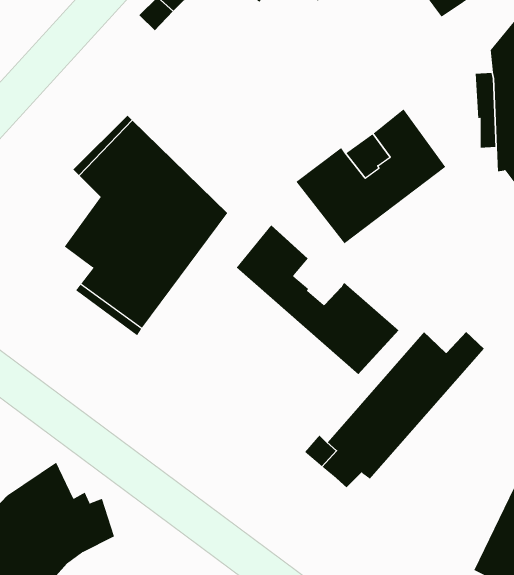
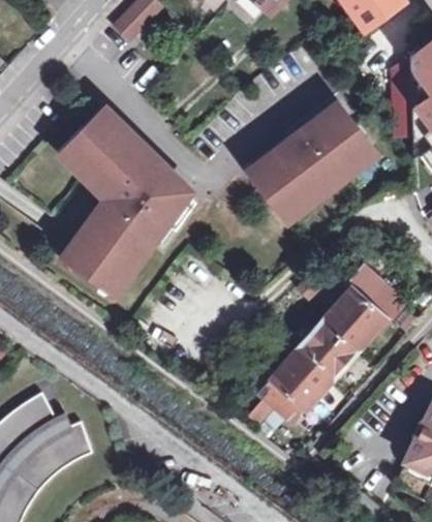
building: [236,225,399,375] -> none

